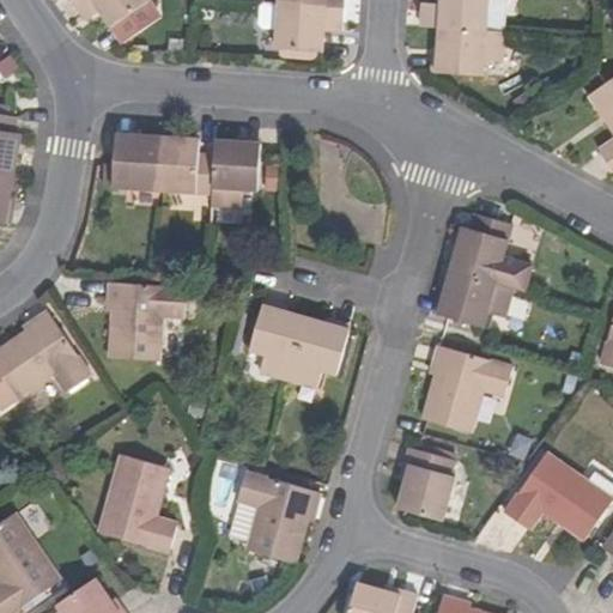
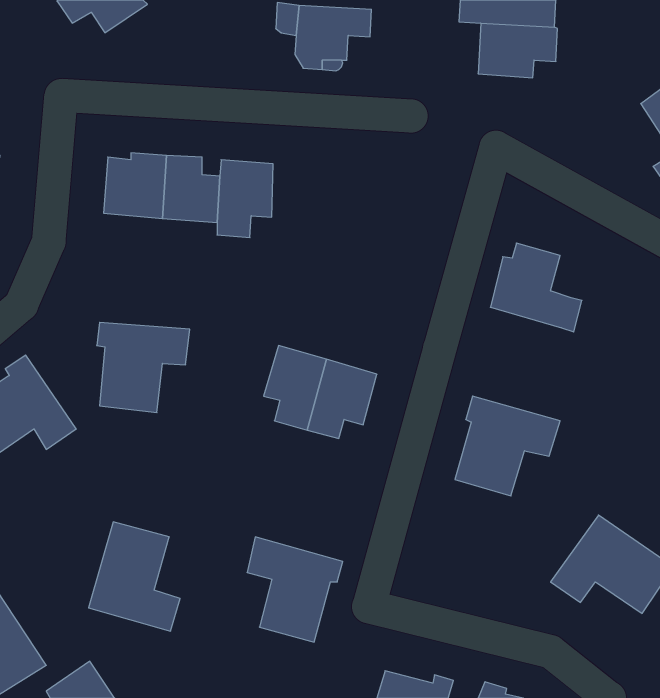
building: [438,269,512,326] -> none
building: [395,449,453,520] -> none

